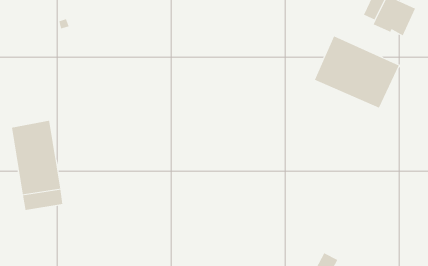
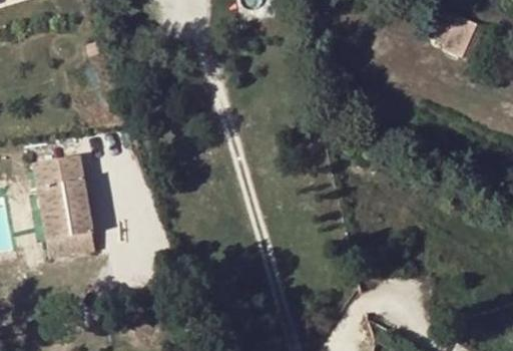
building: [314,36,400,109] -> none

